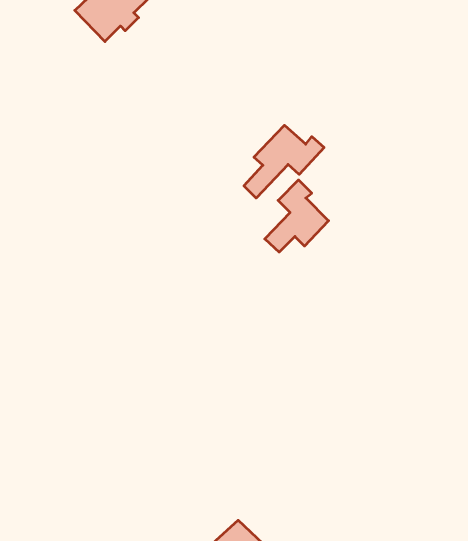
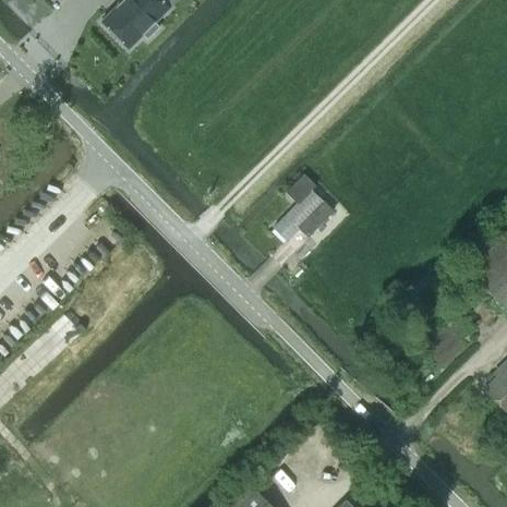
building: [244,125,324,198] -> none

